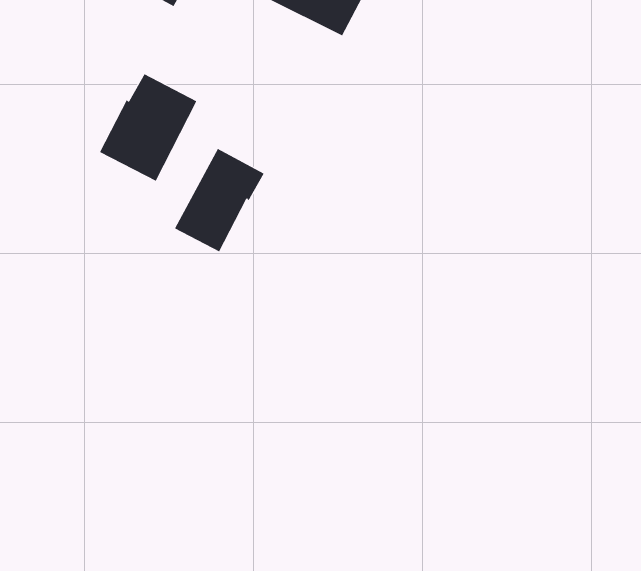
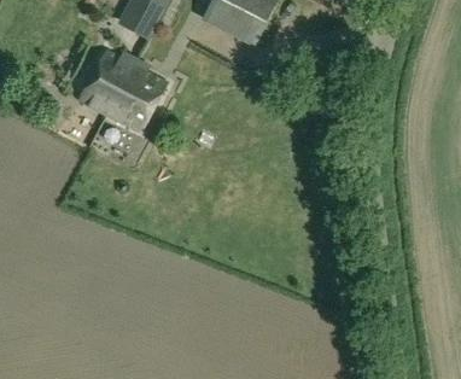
building: [174,148,265,252] -> [76,48,132,112]

